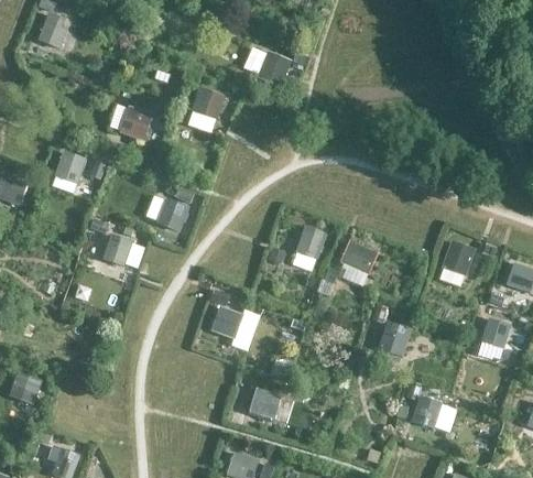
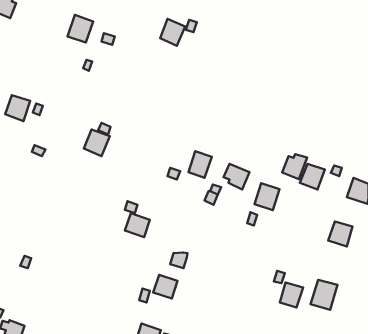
building: [191,87,225,120] -> none
building: [119,105,153,141] -> [67,15,93,42]
building: none -> [282,154,307,179]
building: [100,233,133,267] -> none
building: [381,324,414,359] -> [254,183,280,210]
building: none -> [310,280,337,310]

